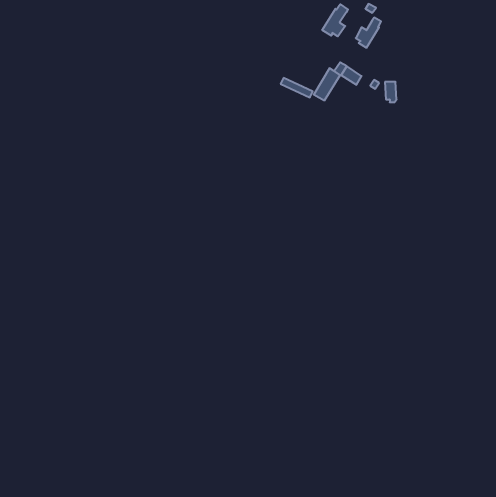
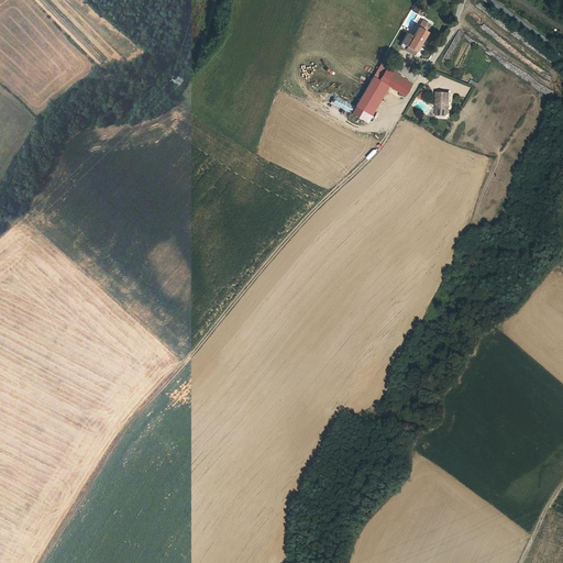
building: [322,4,348,36] -> none

